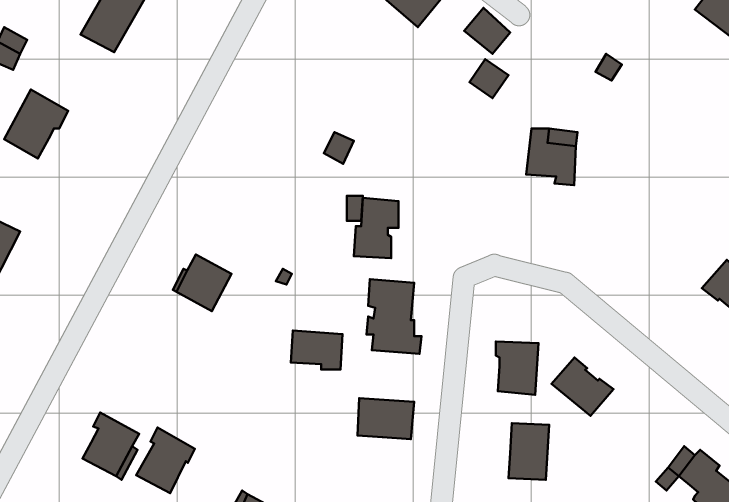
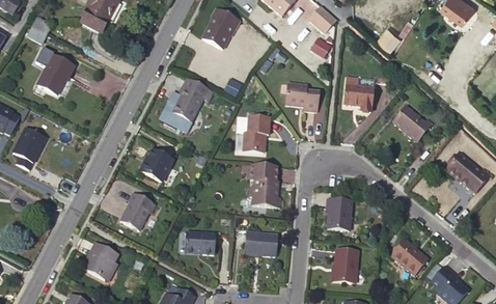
building: none -> [199,9,236,49]
building: none -> [157,79,210,133]
building: none -> [284,83,319,110]
building: none -> [390,107,426,141]
building: [291,330,342,370] -> [186,233,216,256]
building: [552,357,614,416] -> [392,240,429,274]
building: [136,427,195,493] -> [118,193,153,231]

